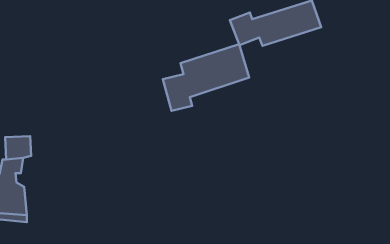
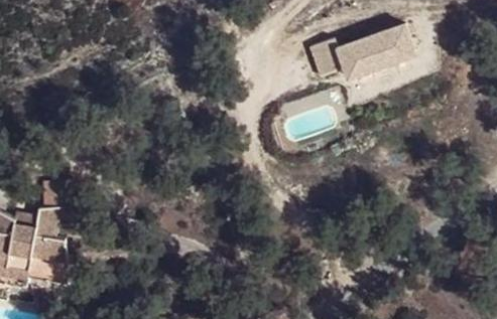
building: [163,44,249,111] -> none

